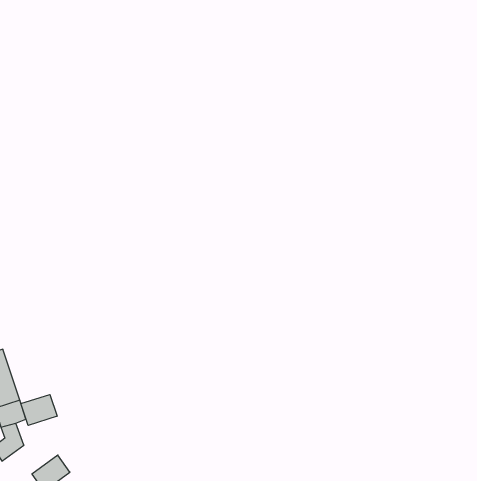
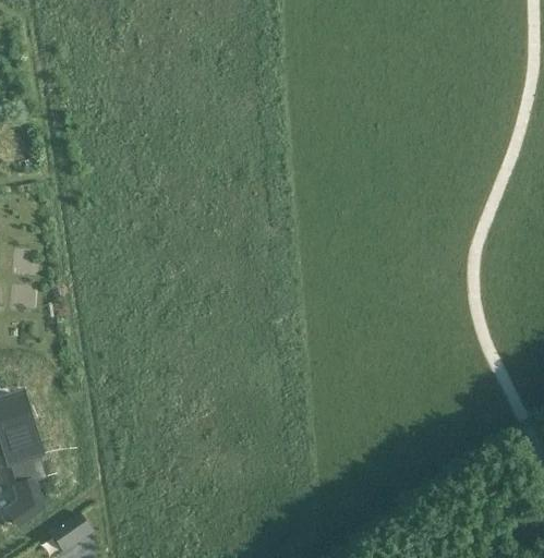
building: [21,395,57,425] -> none

